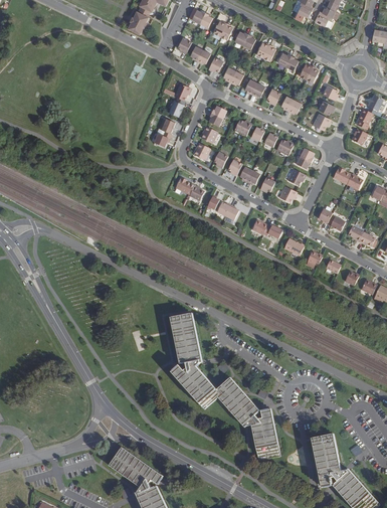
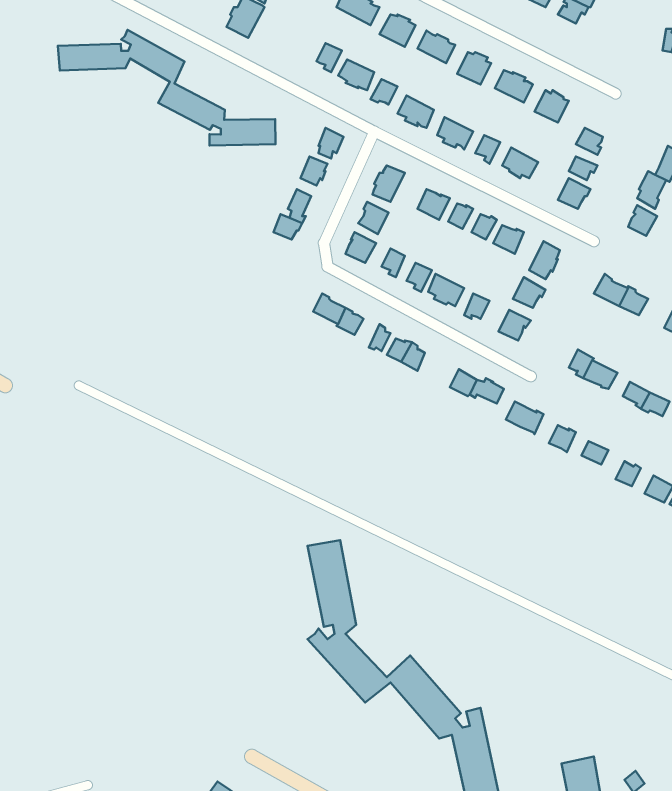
building: none -> [58,30,276,146]

